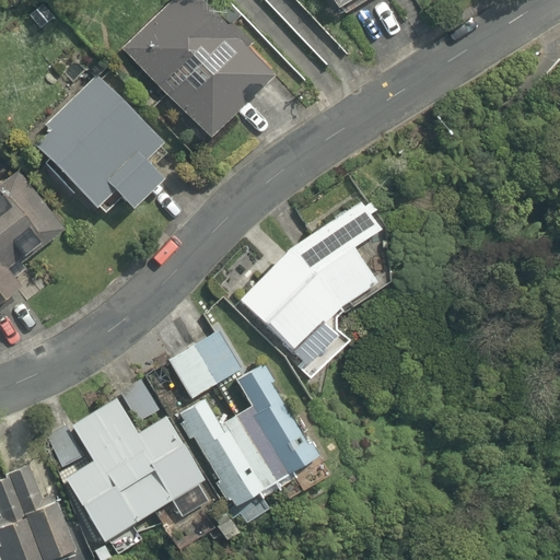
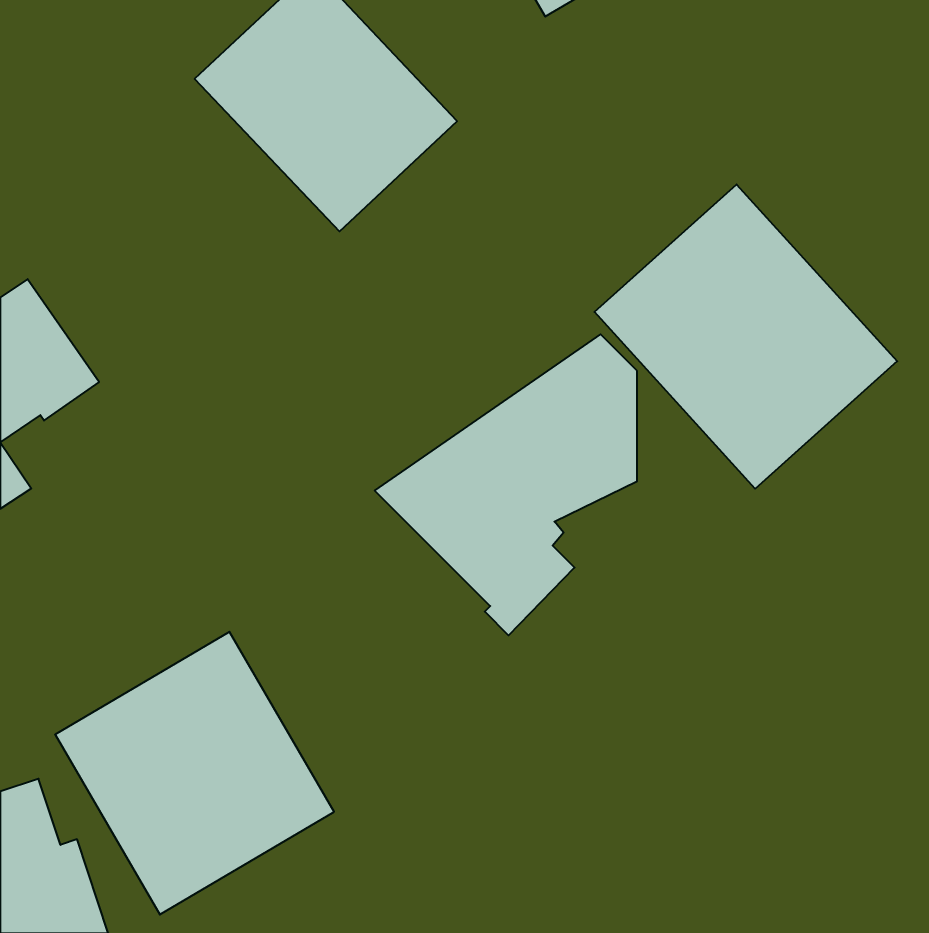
building: [32,79,162,214] -> none
building: none -> [594,184,897,489]
building: [166,326,339,506] -> none

